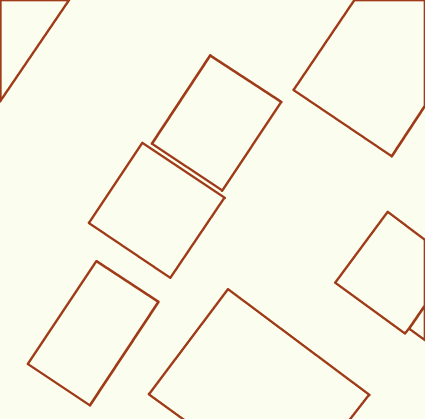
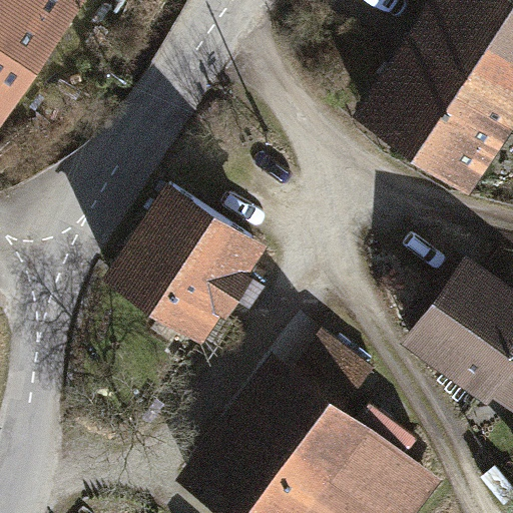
building: [152,55,281,191] -> none
building: [28,261,158,405] -> none

